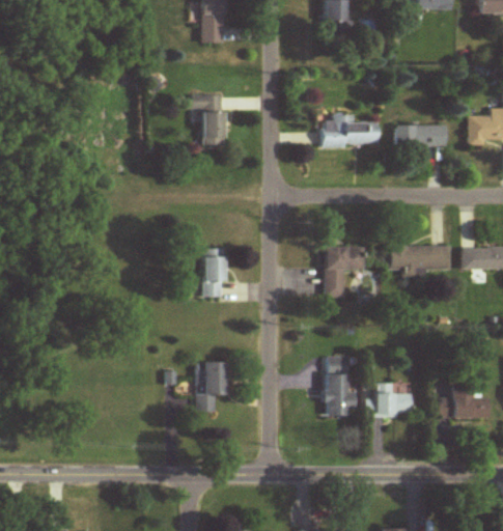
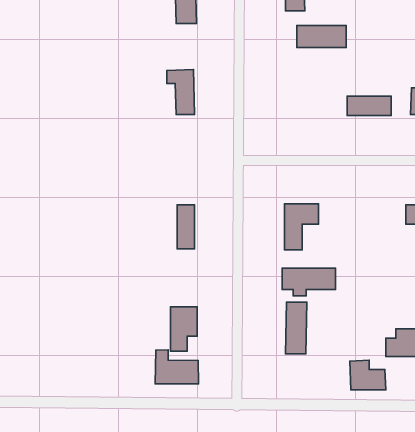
building: [320,121,376,146] -> [297,25,346,48]
building: [390,246,450,277] -> [282,268,336,296]
building: [371,383,412,416] -> [350,360,386,390]
building: none -> [155,350,198,384]

